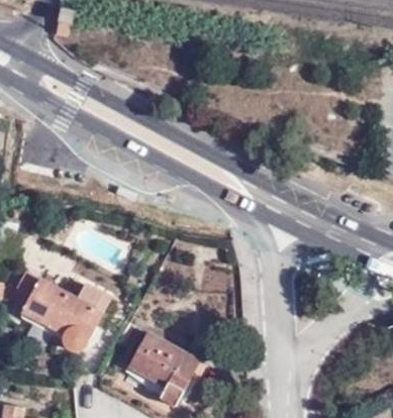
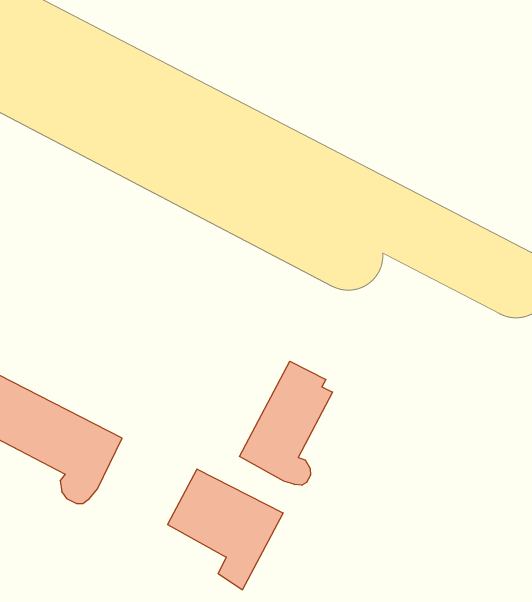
building: none -> [239,361,333,485]

